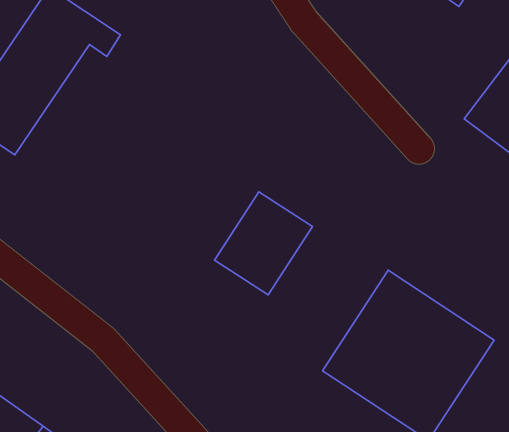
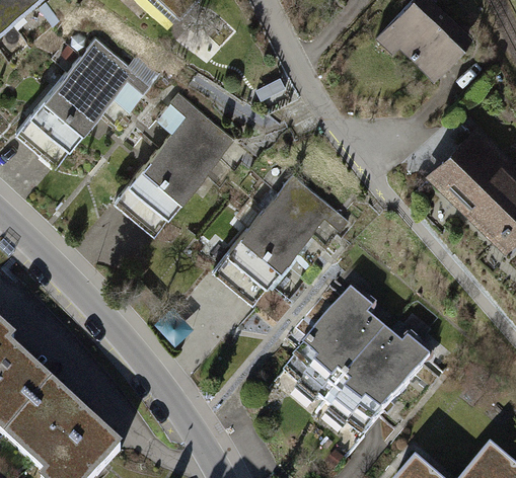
building: none -> [122,93,235,230]
building: none -> [253,174,348,252]

